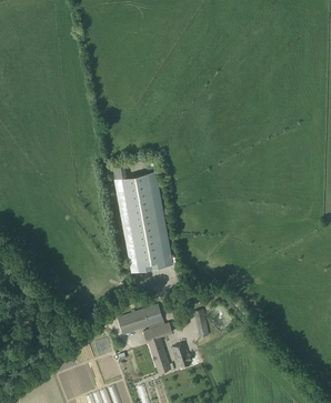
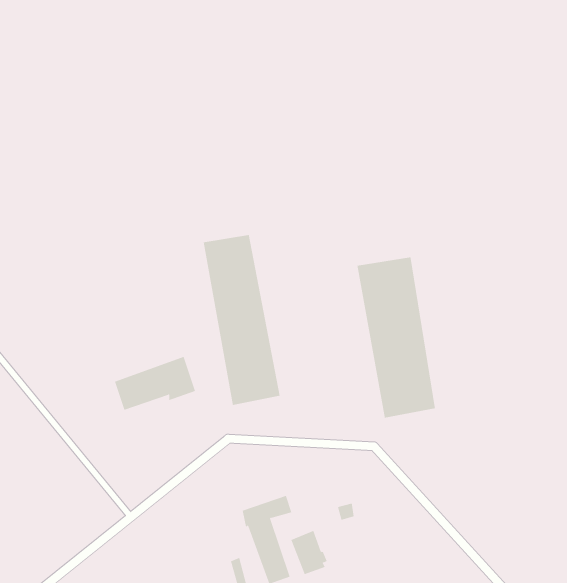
building: none -> [357,257,436,419]
building: [118,303,164,334] -> [114,356,196,411]

